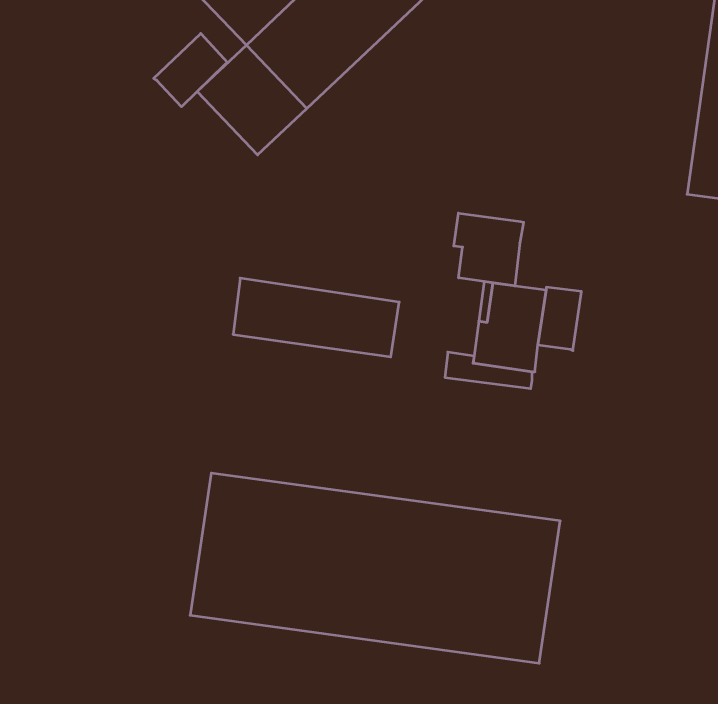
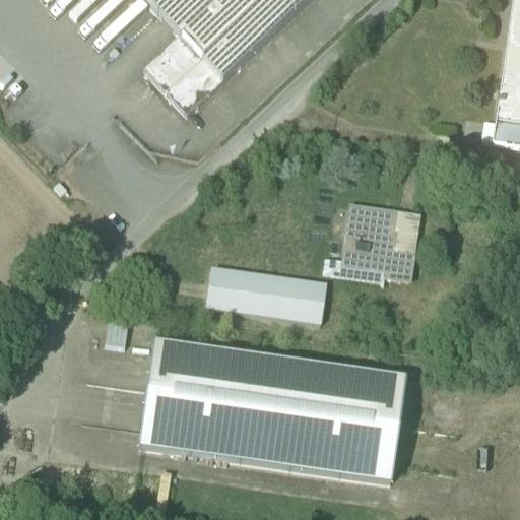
building: [154,33,227,107] -> none
building: [454,213,524,286] -> none
building: [233,278,399,357] -> [206,264,326,321]
building: none -> [385,249,412,277]

